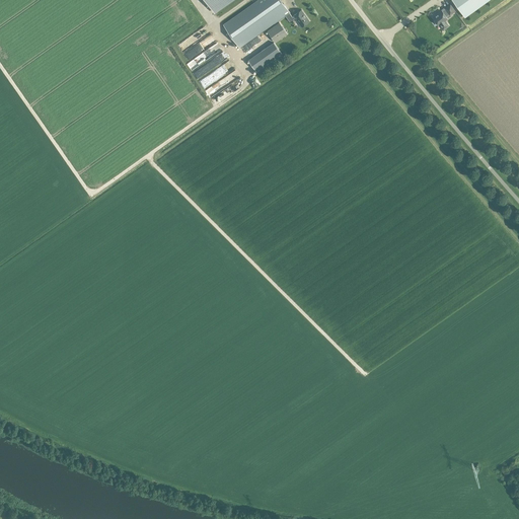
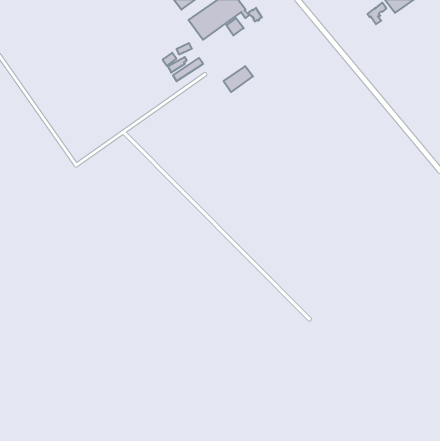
building: [246,42,281,72] -> [224,66,253,92]

